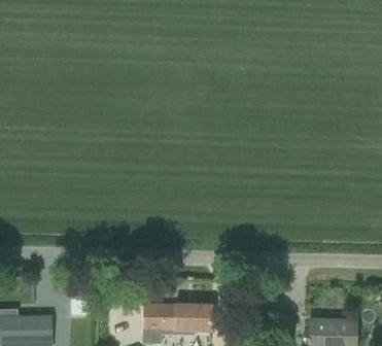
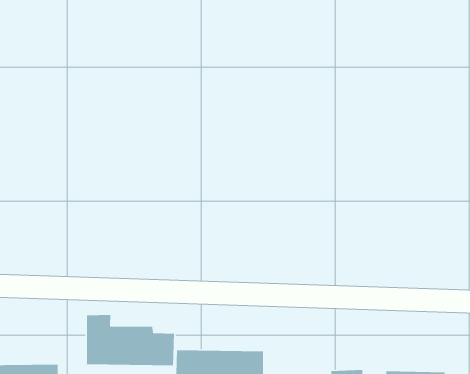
building: none -> [86,314,175,366]

